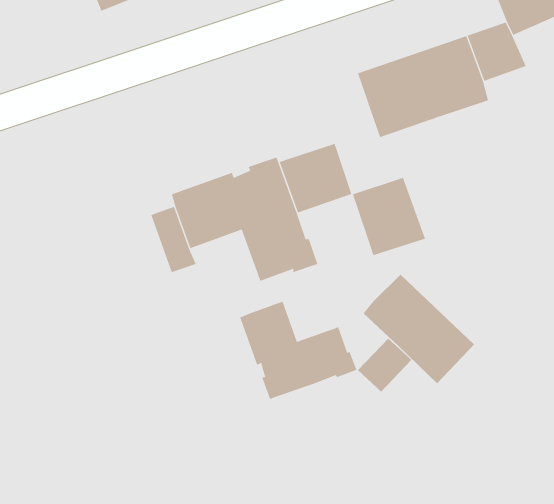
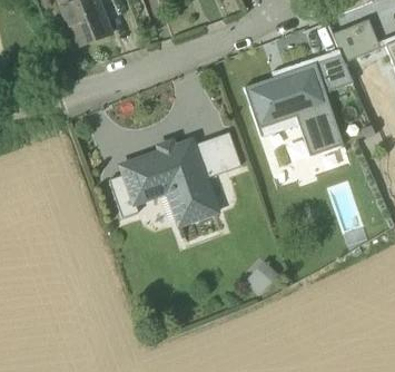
building: [352,177,426,256] -> [296,105,344,156]
building: [363,274,475,384] -> none
building: [240,301,357,400] -> none

